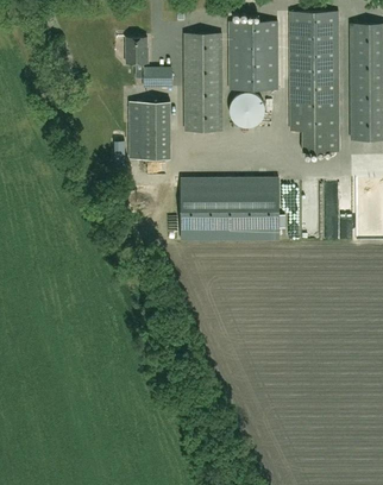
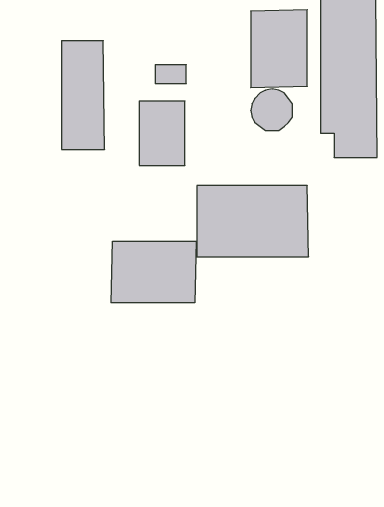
building: [183,34,221,131] -> [62,41,105,149]
building: [125,38,147,64] -> none
building: none -> [111,241,196,303]

